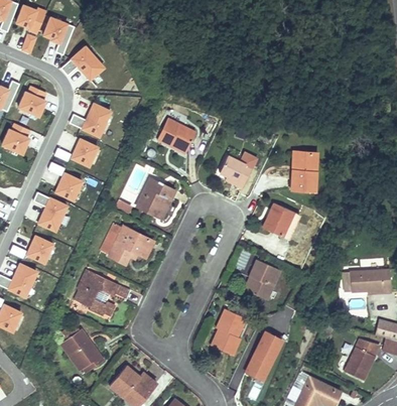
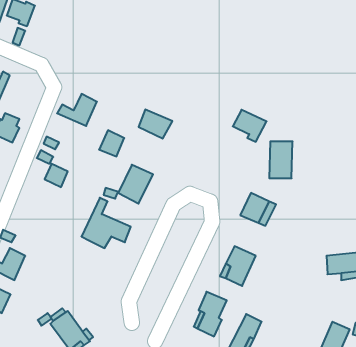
building: [44,17,75,54] -> none
building: [61,46,105,80] -> none
building: [19,86,46,116] -> none
building: [72,138,98,165] -> [99,130,124,156]
building: [217,155,252,188] -> [233,110,267,142]
building: [34,191,68,231] -> none
building: [27,235,53,262] -> none
building: [72,270,127,320] -> none

